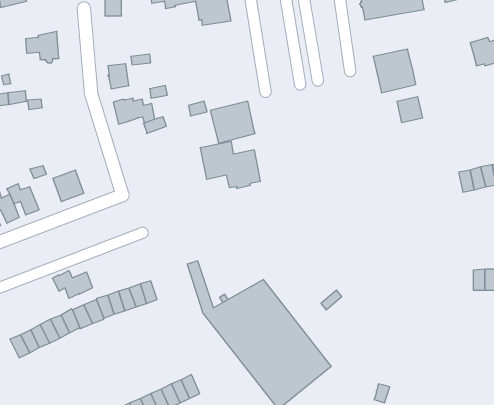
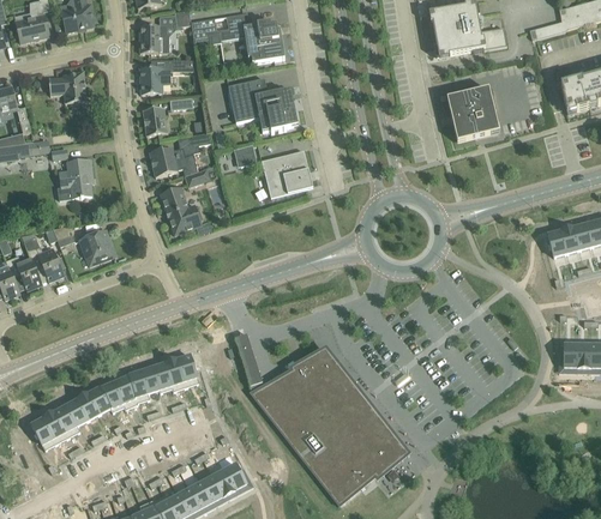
building: none -> [140,67,170,93]
building: [397,97,422,123] -> none
building: none -> [58,158,92,199]
building: none -> [161,186,203,234]
building: [200,141,261,188] -> [229,78,299,132]
building: [53,271,92,298] -> none

